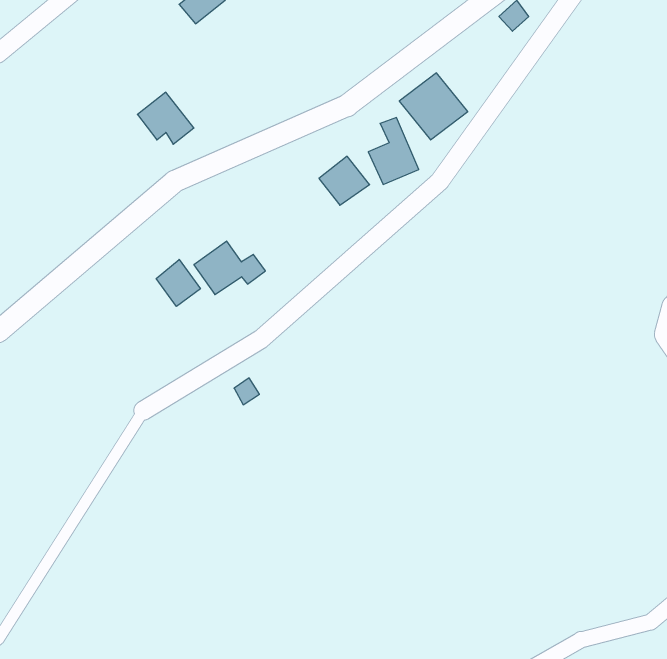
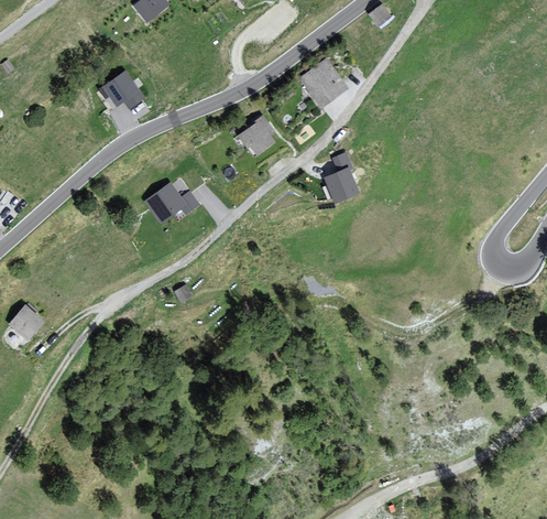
building: [368,118,419,184] -> [324,153,361,203]
building: [156,259,200,306] -> none
building: none -> [9,306,44,342]

